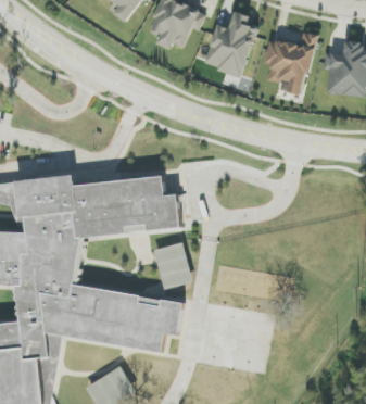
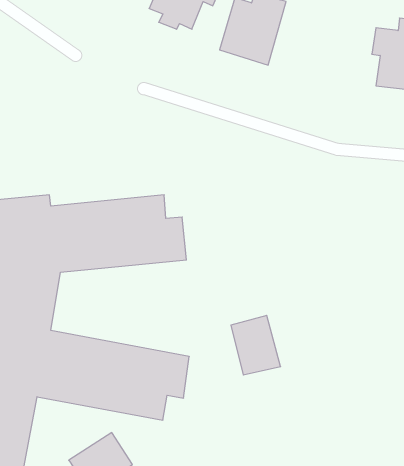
building: [264,29,316,93] -> none
building: [153,240,192,287] -> [231,315,281,375]

